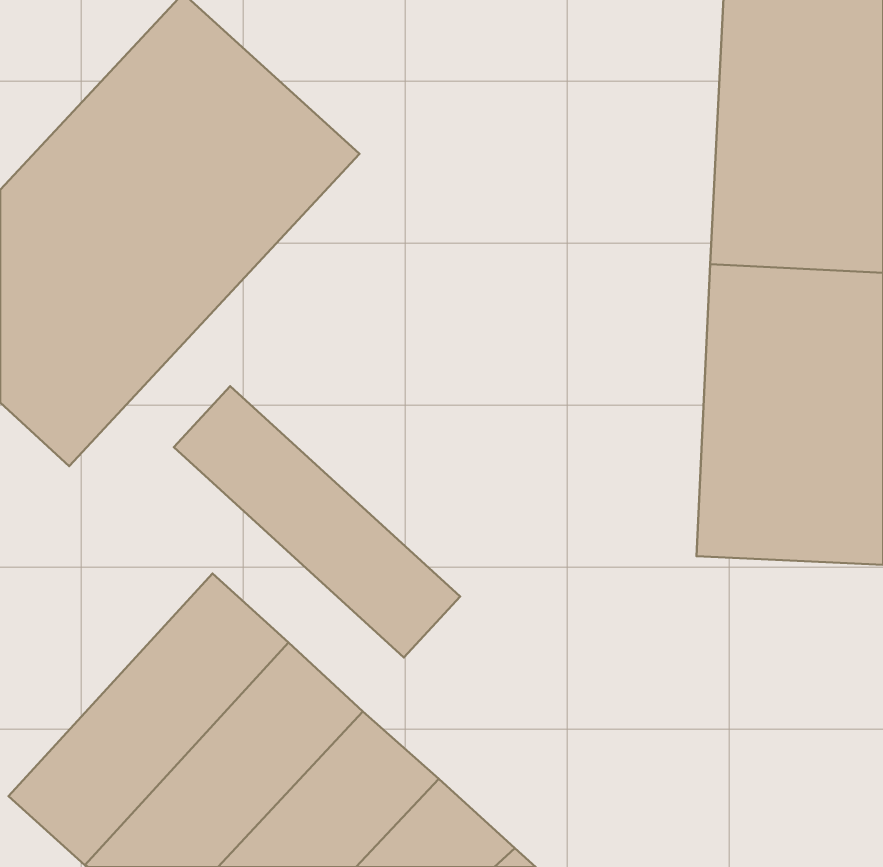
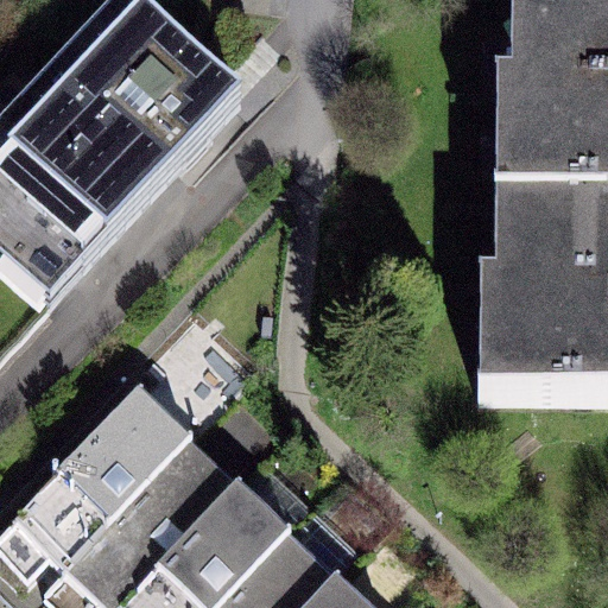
building: [174,386,460,658] -> none

